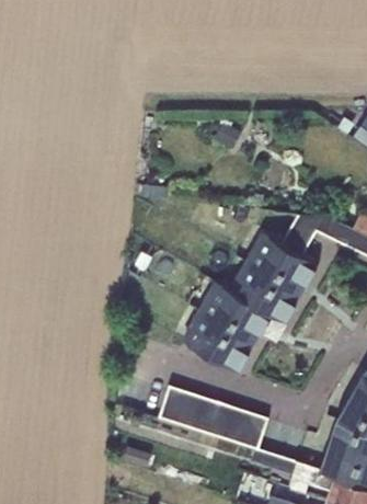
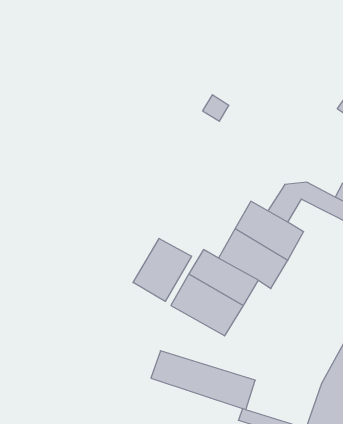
building: none -> [133,238,192,301]

